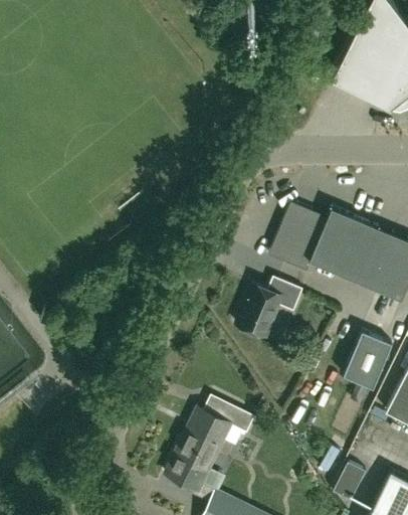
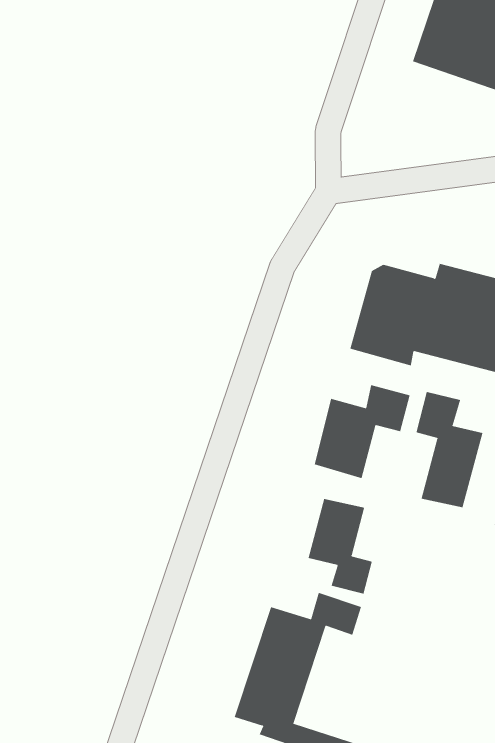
building: none -> [416,391,483,508]
building: none -> [308,498,373,595]

